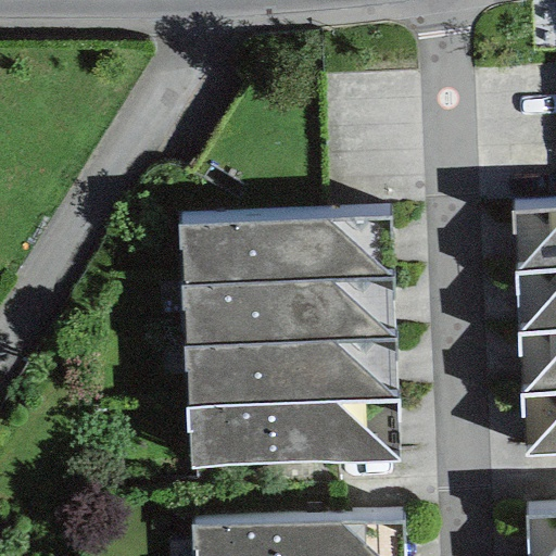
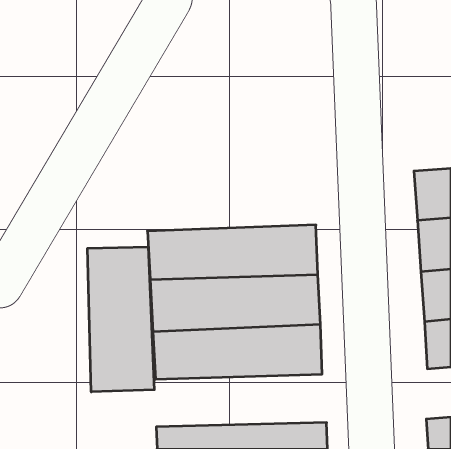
building: [177,217,389,285] -> none
building: none -> [88,247,154,392]

